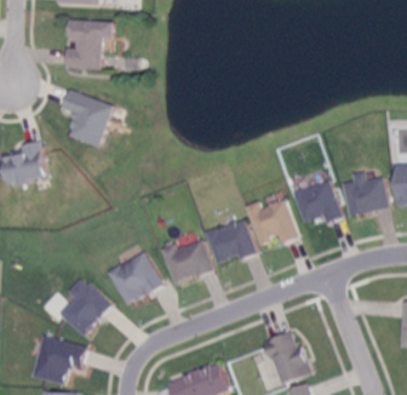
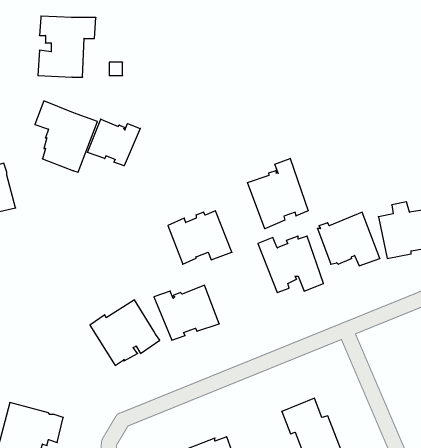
building: none -> [87,119,140,166]
building: none -> [248,158,308,229]
building: [203,219,256,263] -> [168,211,232,264]
building: [57,284,109,336] -> none

